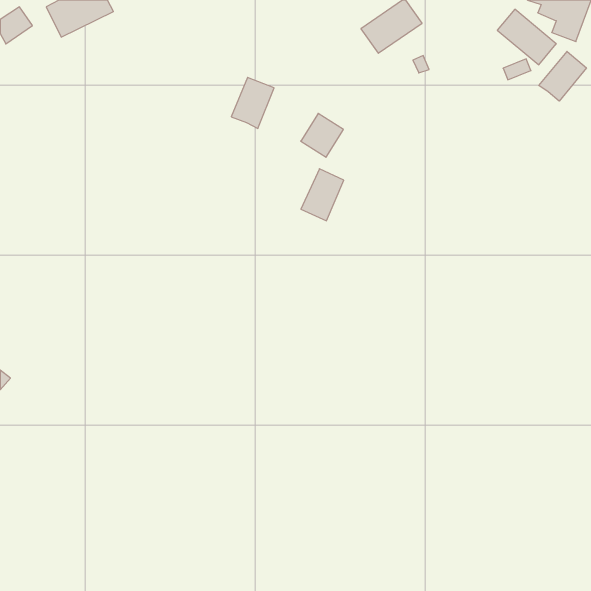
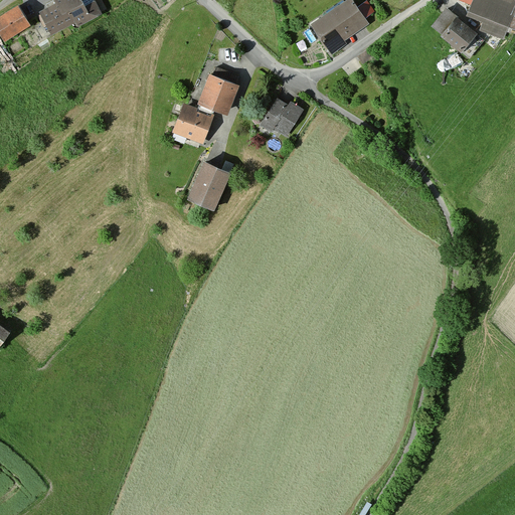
building: [539,51,586,101] -> none
building: none -> [175,102,214,140]
building: [301,169,344,221] -> [190,162,227,207]

